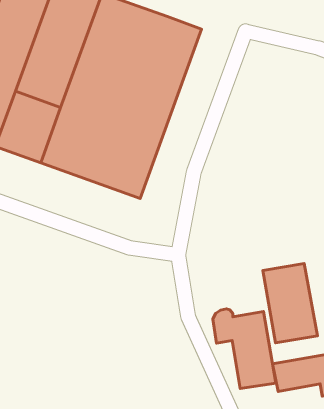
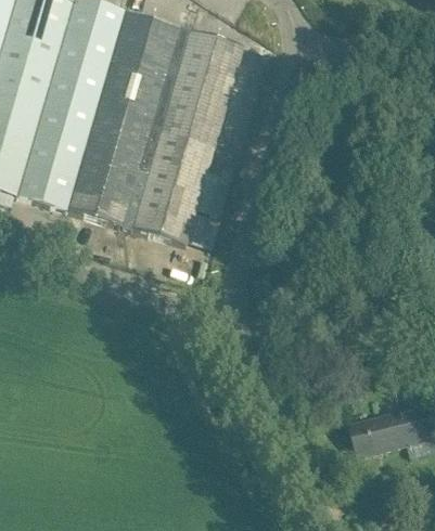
building: [263,263,318,343] -> none
building: [213,309,276,388] -> none

